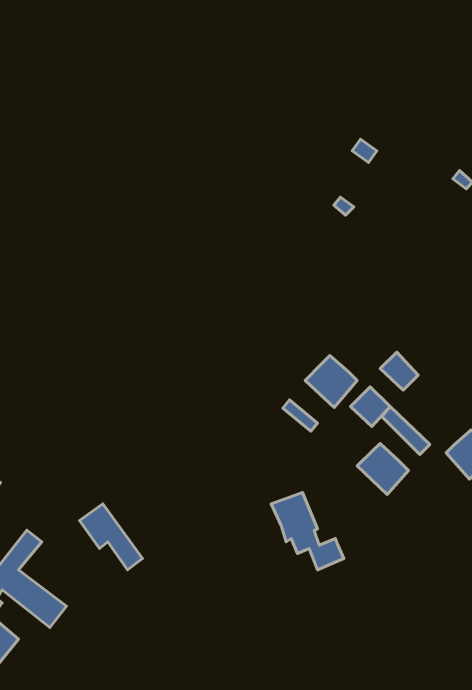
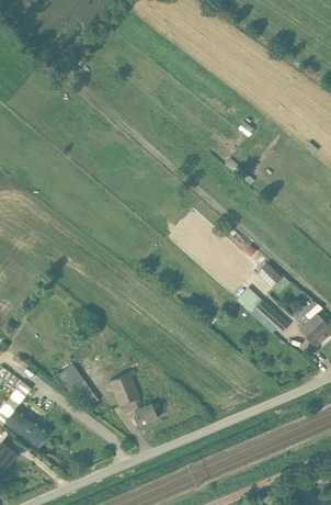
building: [305,355,357,407] -> none
building: [357,444,408,495] -> none
building: [271,492,344,570] -> [110,373,158,425]

